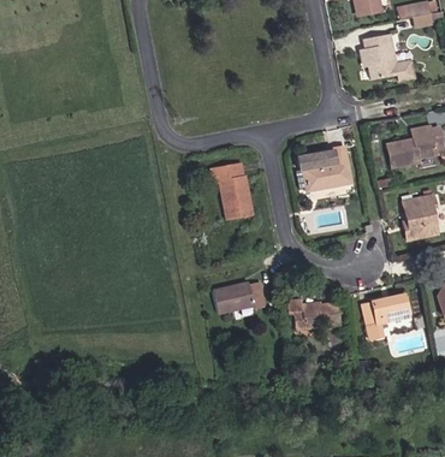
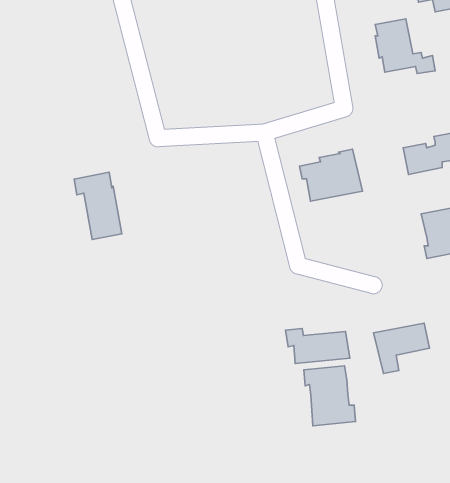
building: [210,162,251,220] -> [74,172,122,240]
building: [213,284,265,313] -> none
building: none -> [304,366,355,426]

